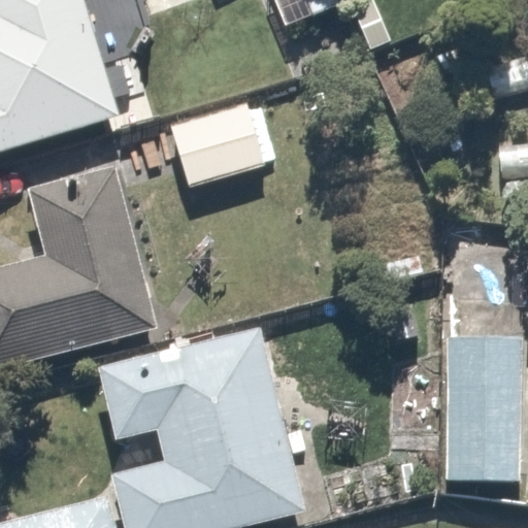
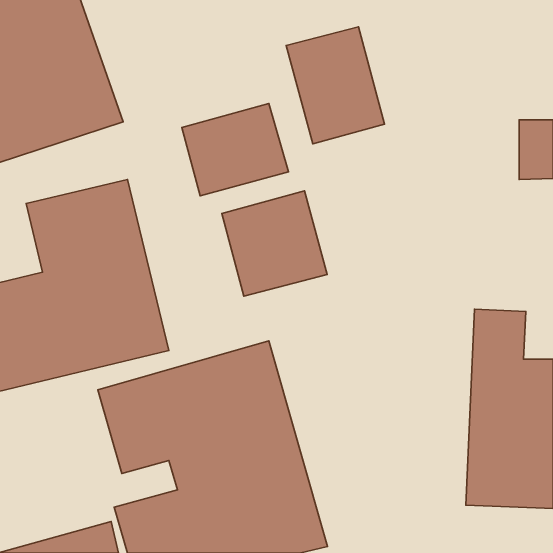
building: none -> [286,27,385,144]
building: none -> [222,191,327,296]

